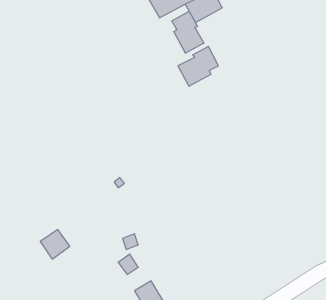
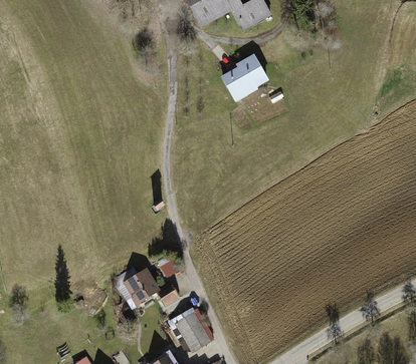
building: [172,11,204,53] -> none
building: [40,230,70,259] -> [125,269,157,301]

